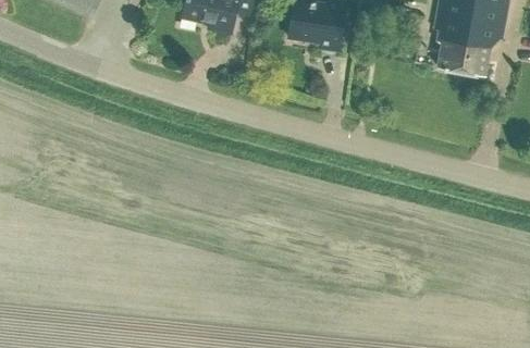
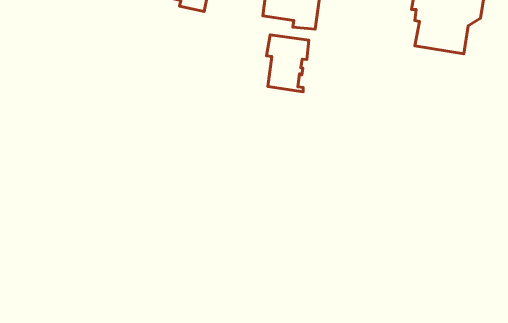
building: none -> [266,35,309,92]

